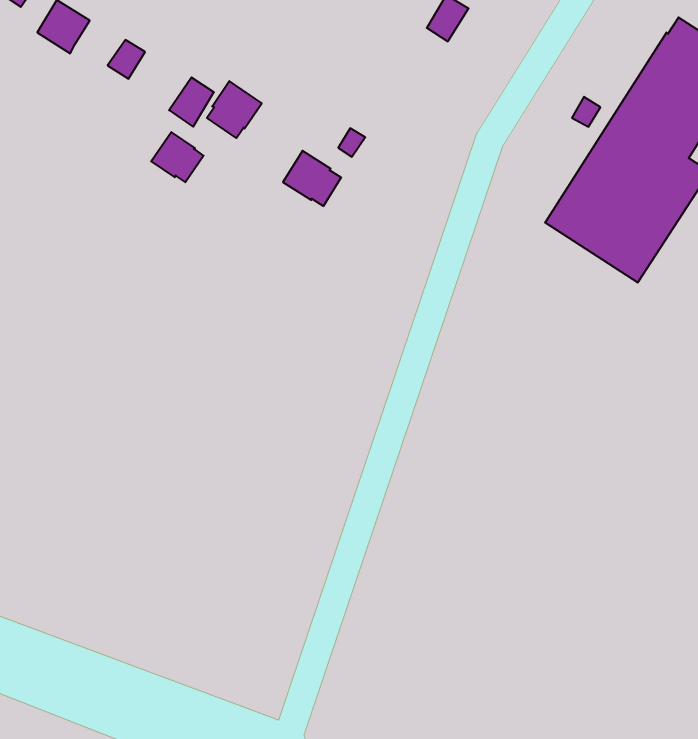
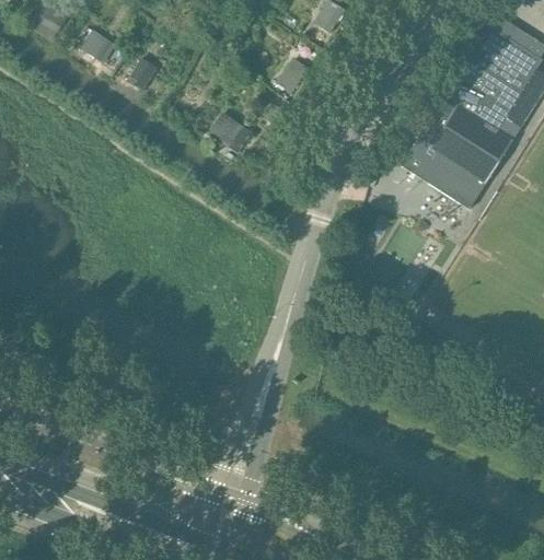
building: none -> [277,57,310,93]
building: [207,81,262,138] -> none
building: [151,132,204,182] -> none

